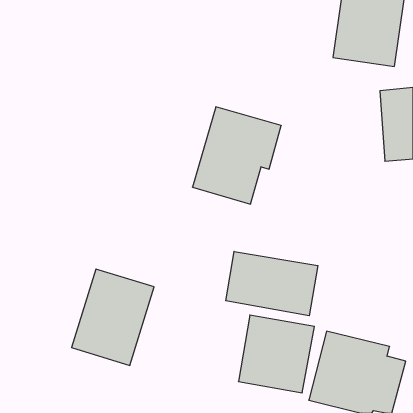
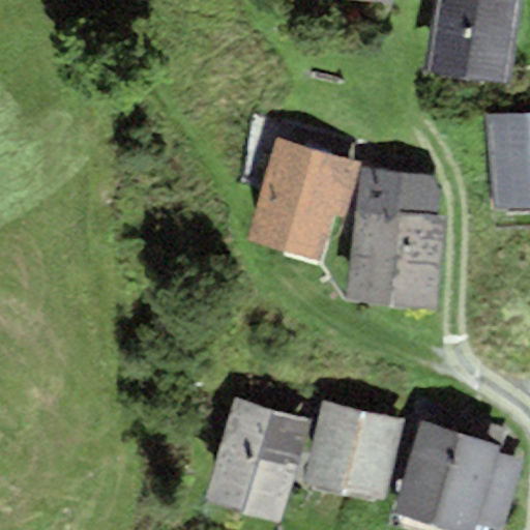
building: none -> [349,167,447,310]
building: [226,251,318,316] -> none
building: [72,269,154,365] -> [203,399,308,522]

